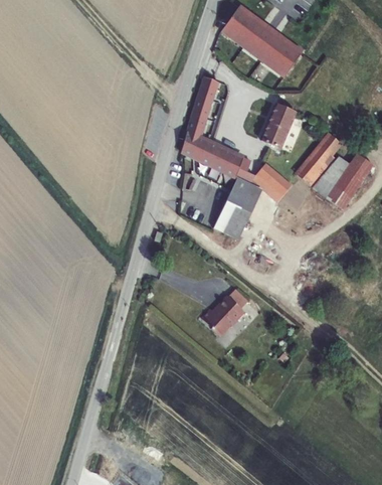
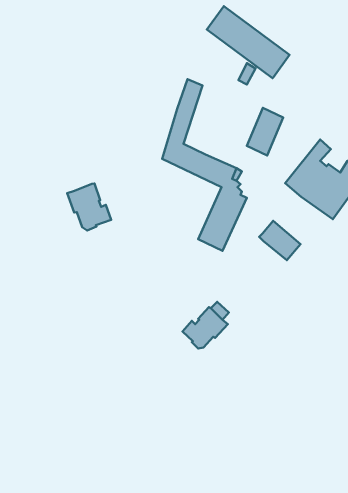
building: [252,163,292,200] -> [259,221,301,260]
building: none -> [67,184,111,230]

